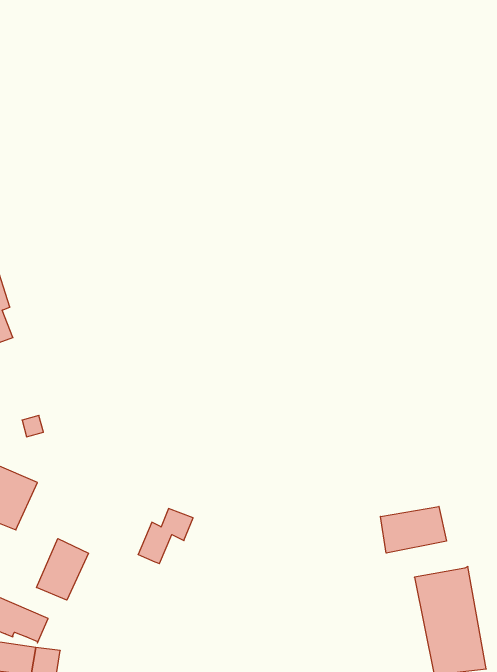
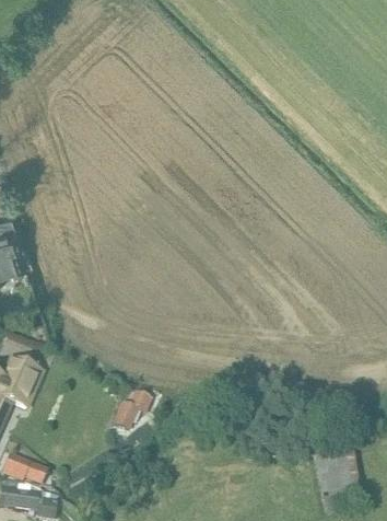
building: [380,506,446,553] -> none
building: [37,539,89,600] -> none

